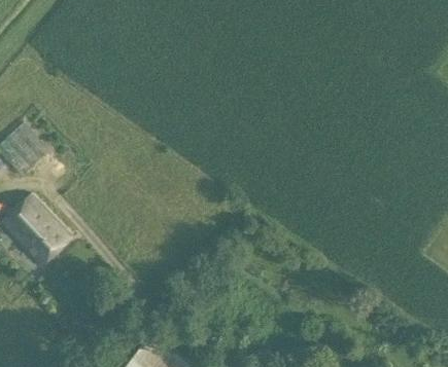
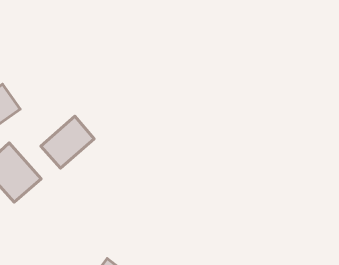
building: none -> [41,116,94,168]

